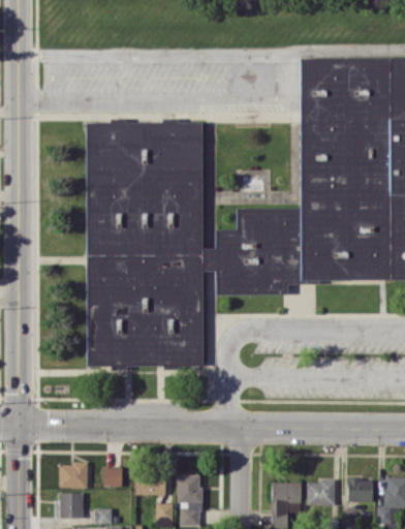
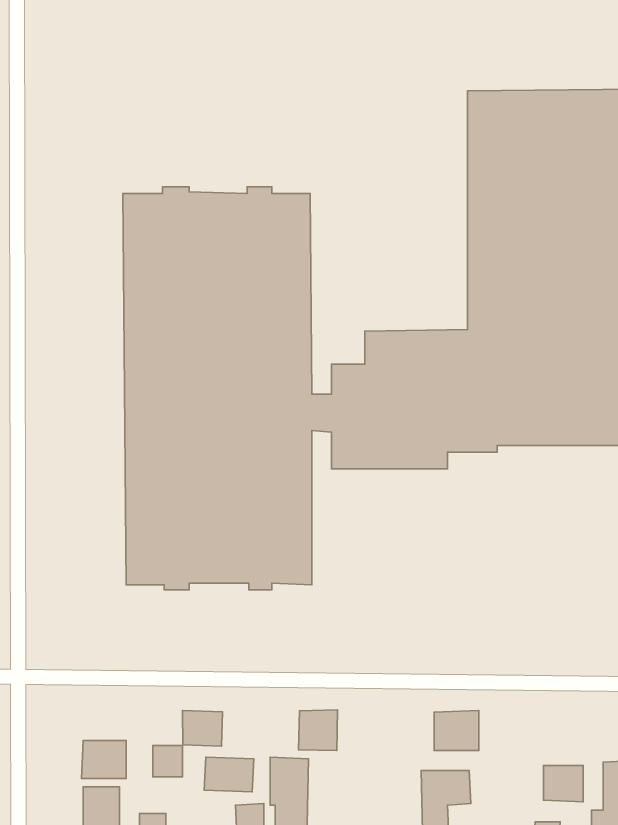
building: none -> [299,710,338,751]
building: none -> [183,710,223,746]
building: [308,480,336,505] -> [434,711,479,750]

